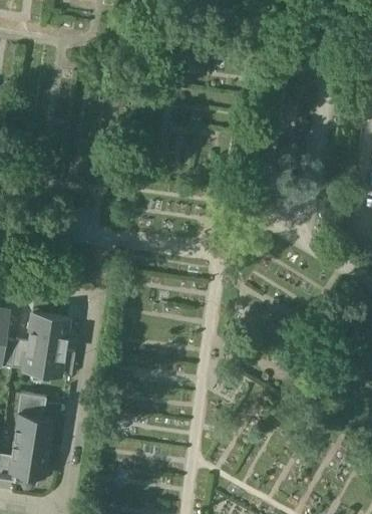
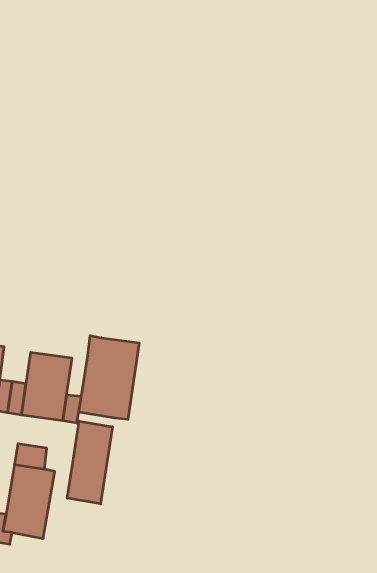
building: none -> [79,336,139,419]
building: none -> [67,421,112,504]

